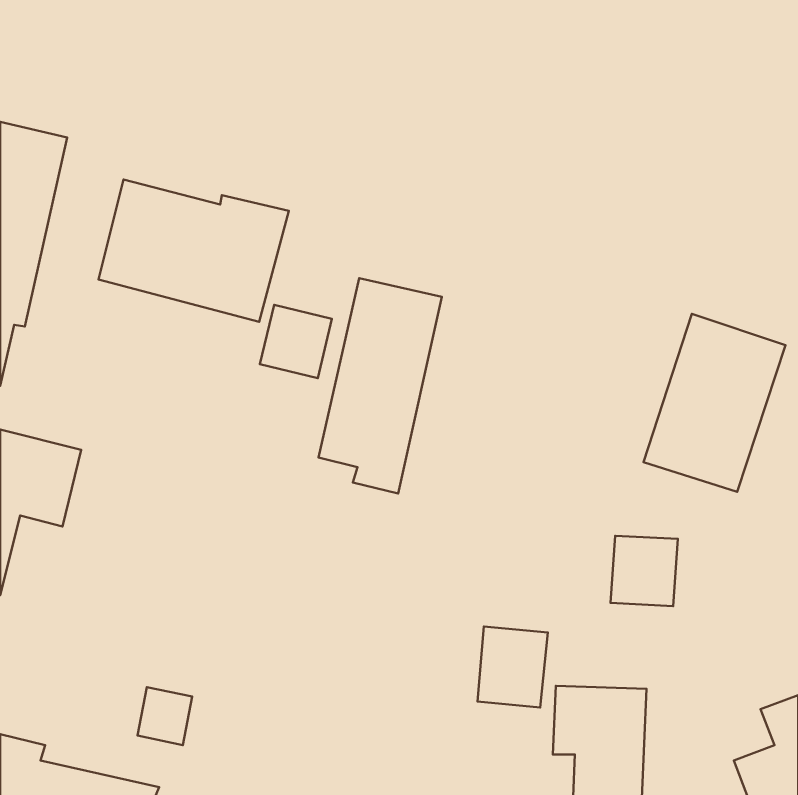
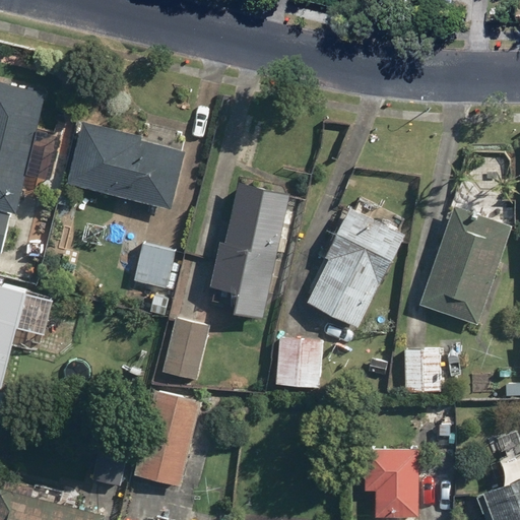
building: [260,305,332,378] -> [131,243,178,290]
building: none -> [306,208,401,328]
building: none -> [160,318,210,384]
building: none -> [131,390,200,488]
building: [478,626,548,708] -> [274,338,320,391]

